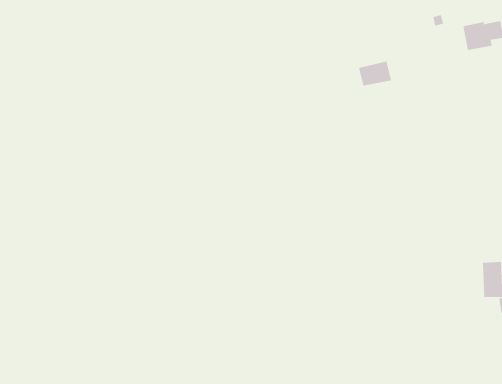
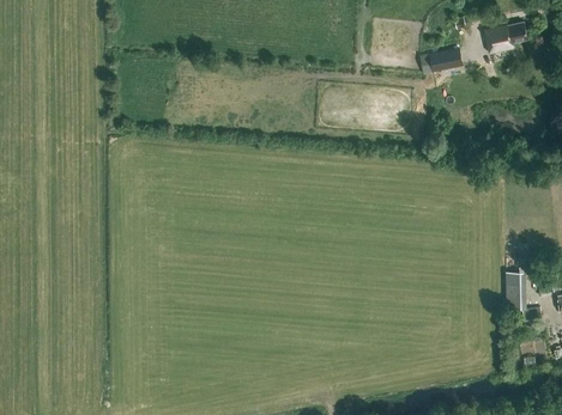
building: [358,61,392,86] -> [428,47,463,73]

